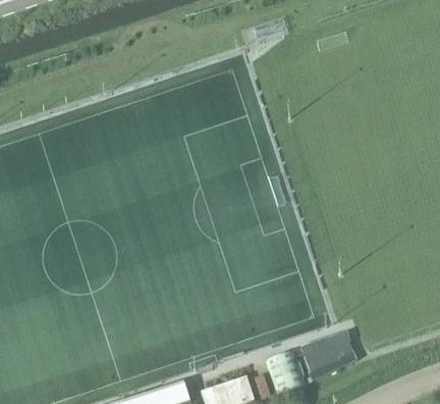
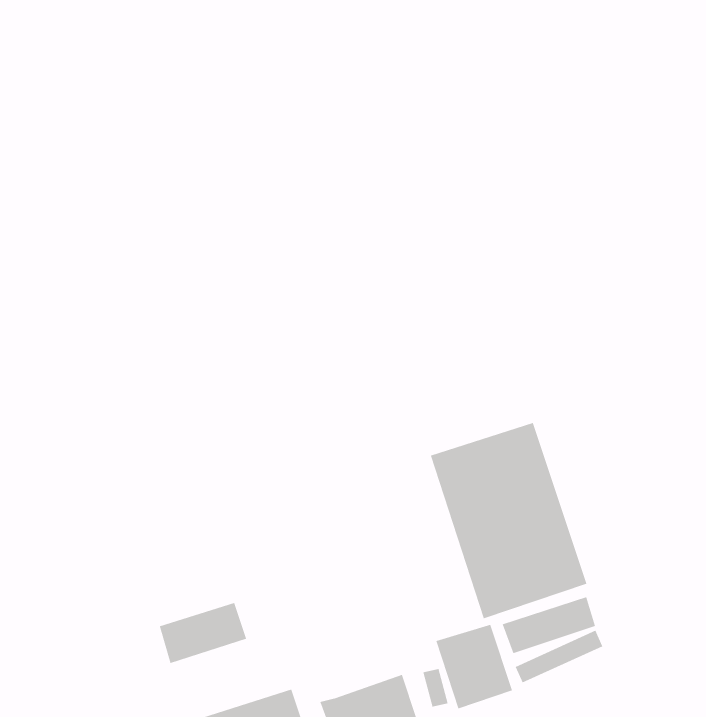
building: none -> [430,422,587,619]
building: none -> [159,602,247,664]

